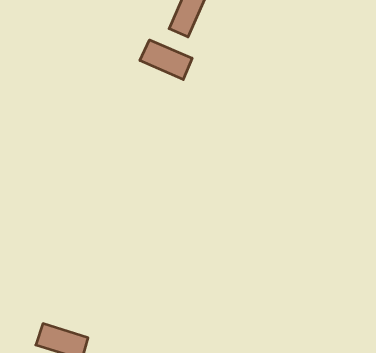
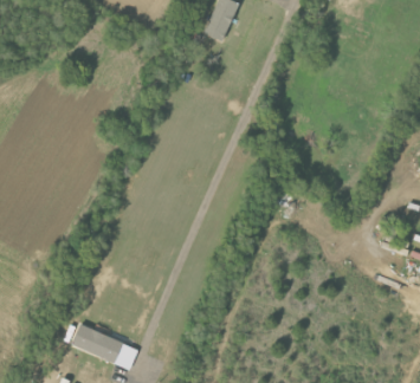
building: [140,40,192,80] -> none

